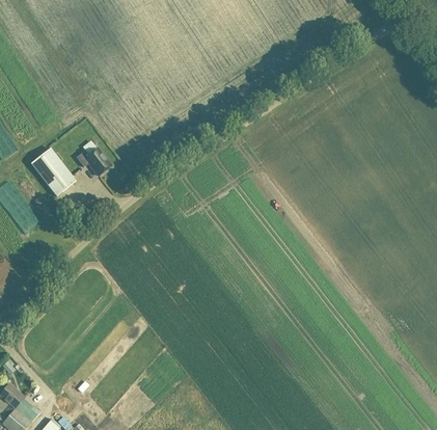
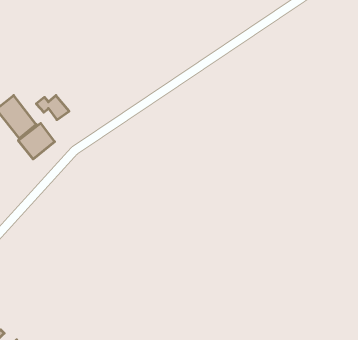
building: none -> [18,123,55,159]

